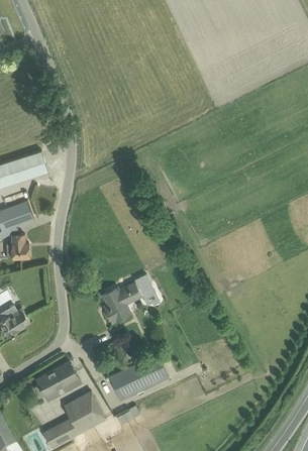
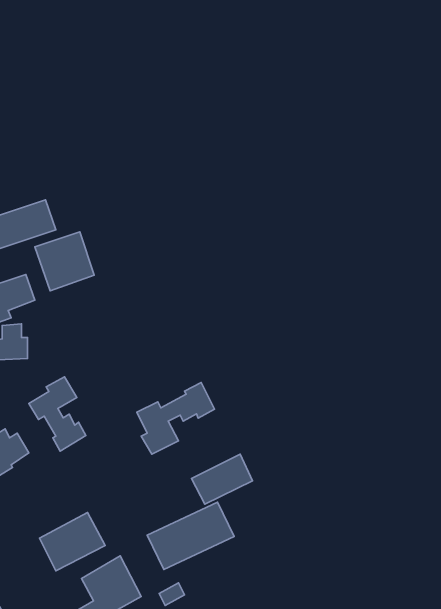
building: none -> [35,232,94,291]
building: none -> [29,377,86,451]
building: none -> [192,454,253,504]

